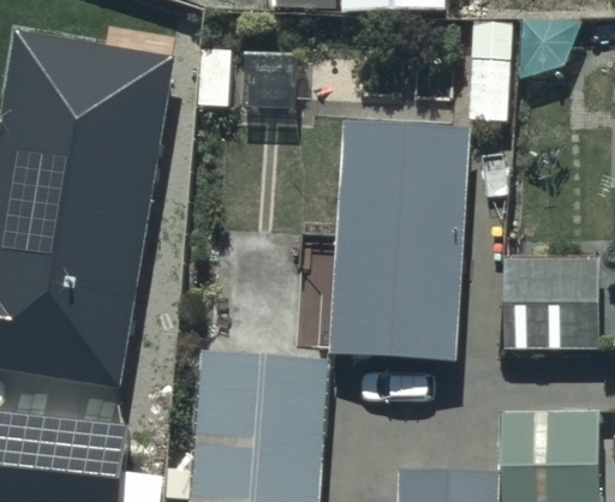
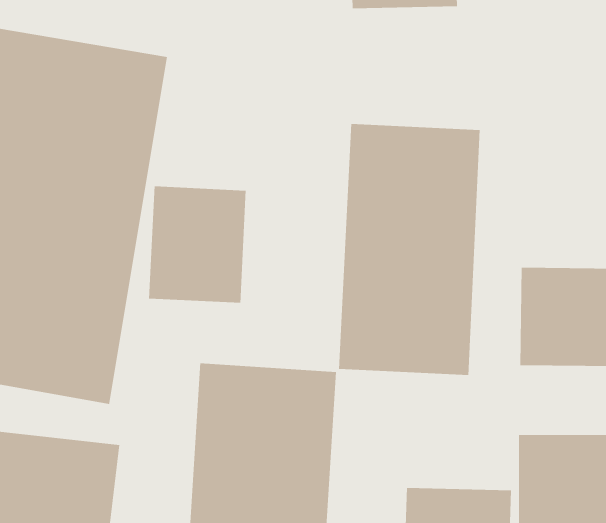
building: none -> [149,186,246,304]

